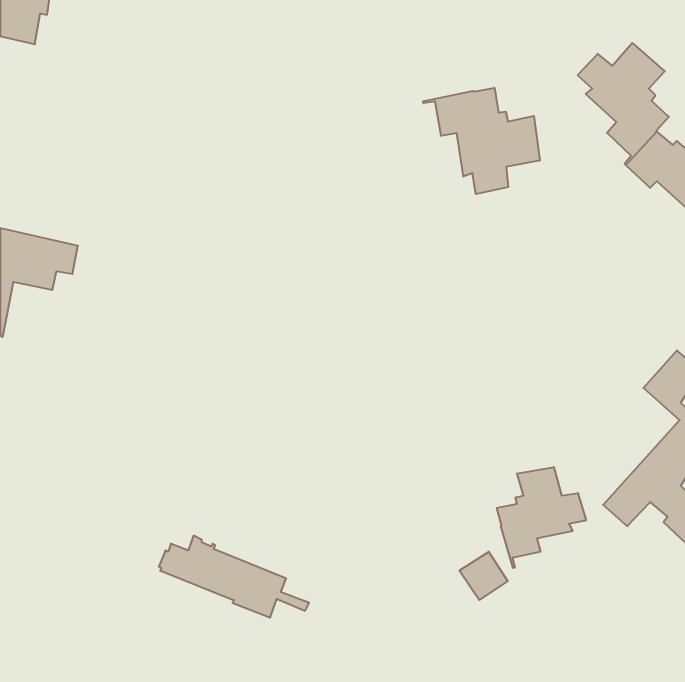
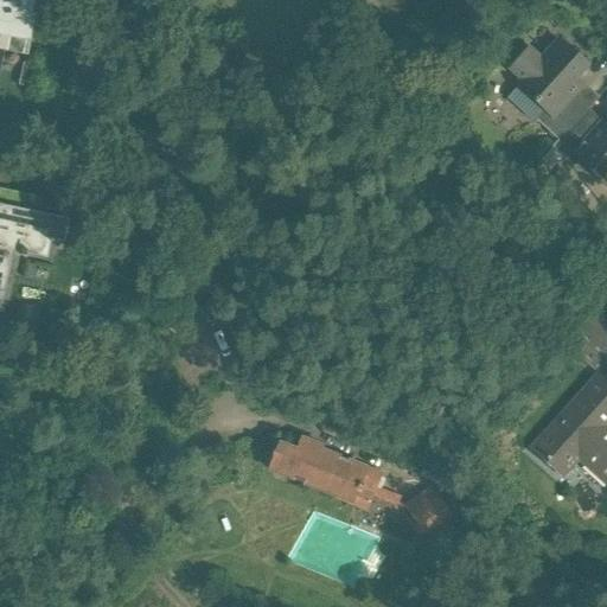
building: [423,88,540,194] -> none
building: [497,467,586,568] -> none
building: [159,536,309,618] -> [269,435,402,507]

